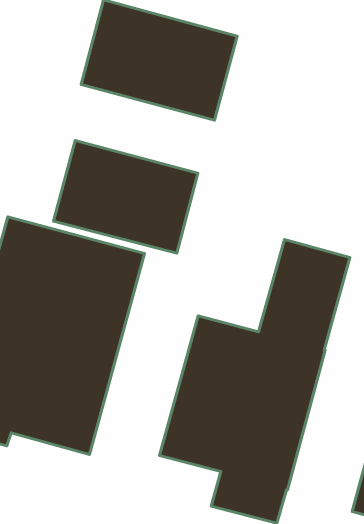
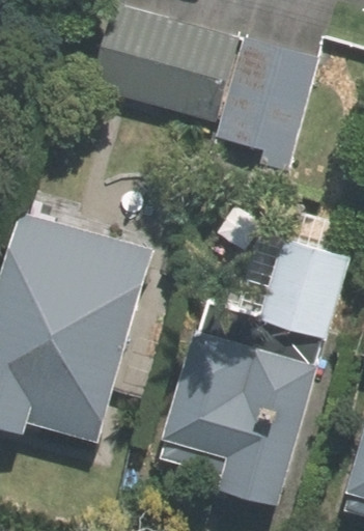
building: none -> [219,31,318,155]
building: [53,140,198,253] -> none

